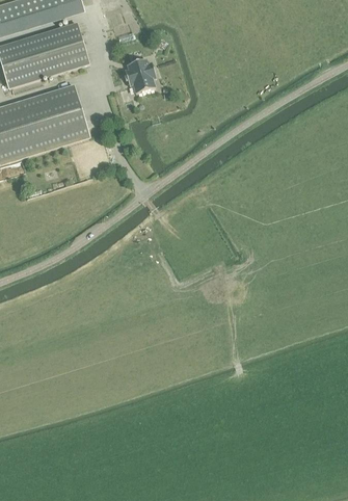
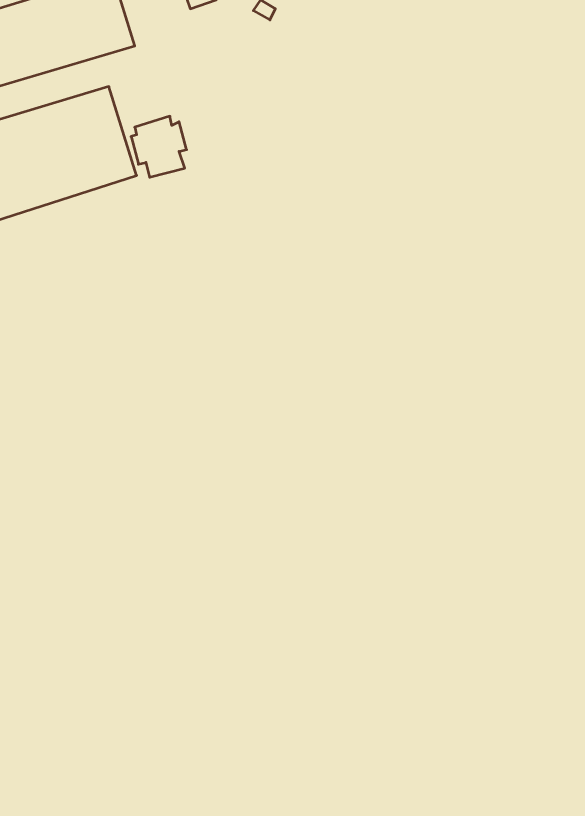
building: [124,57,155,91] -> [131,116,187,177]

